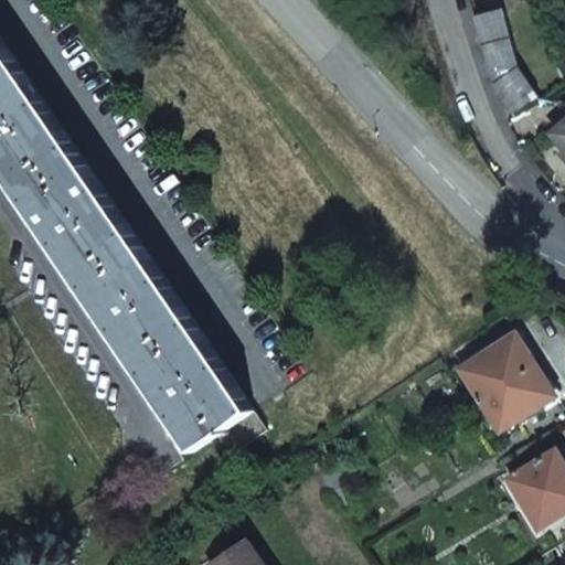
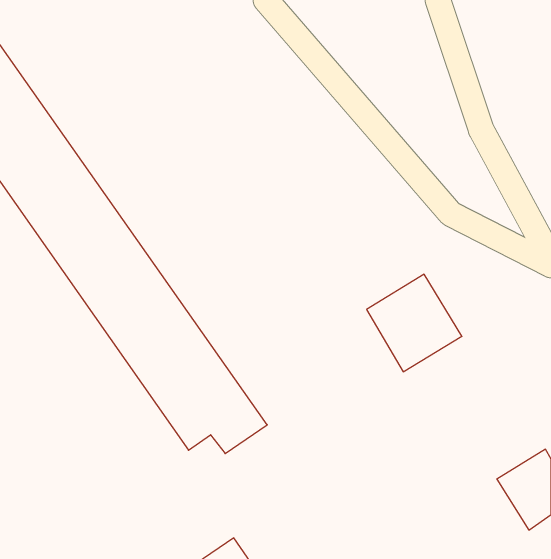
building: [477,15,525,116] -> none
building: [448,340,543,437] -> [367,274,462,372]

